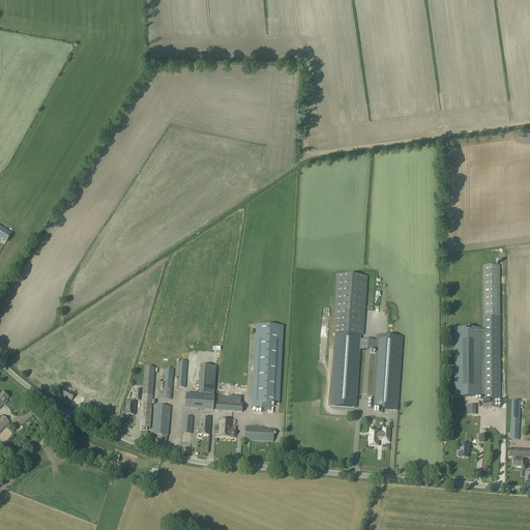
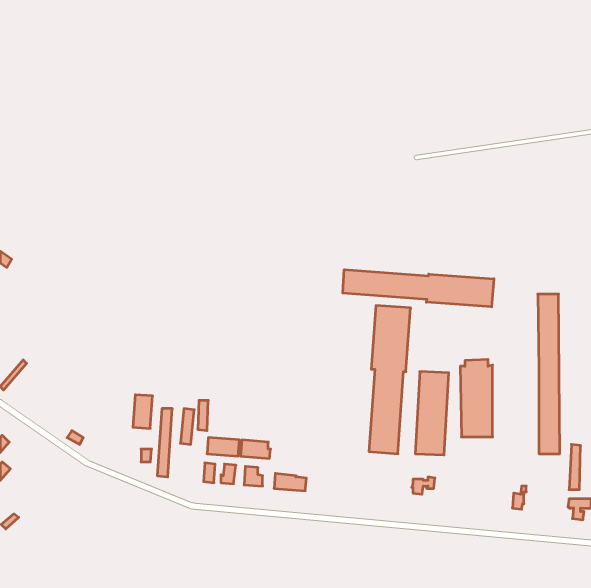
building: none -> [343,270,494,307]
building: [252,322,284,409] -> none
building: [453,325,482,394] -> [460,359,493,437]
building: [199,362,216,391] -> none
building: [153,404,171,434] -> [133,395,153,428]

